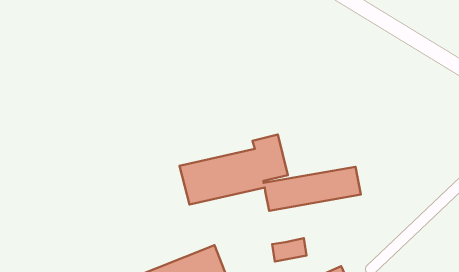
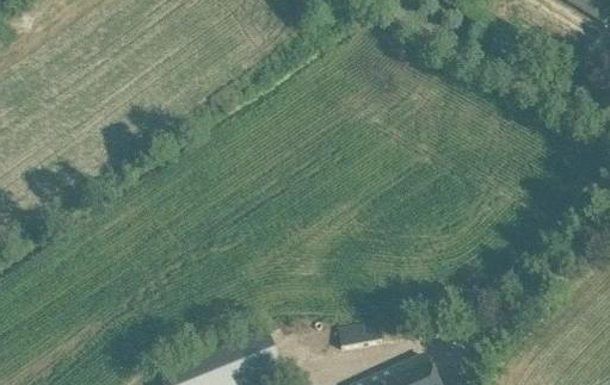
building: [180,134,361,211] -> none

